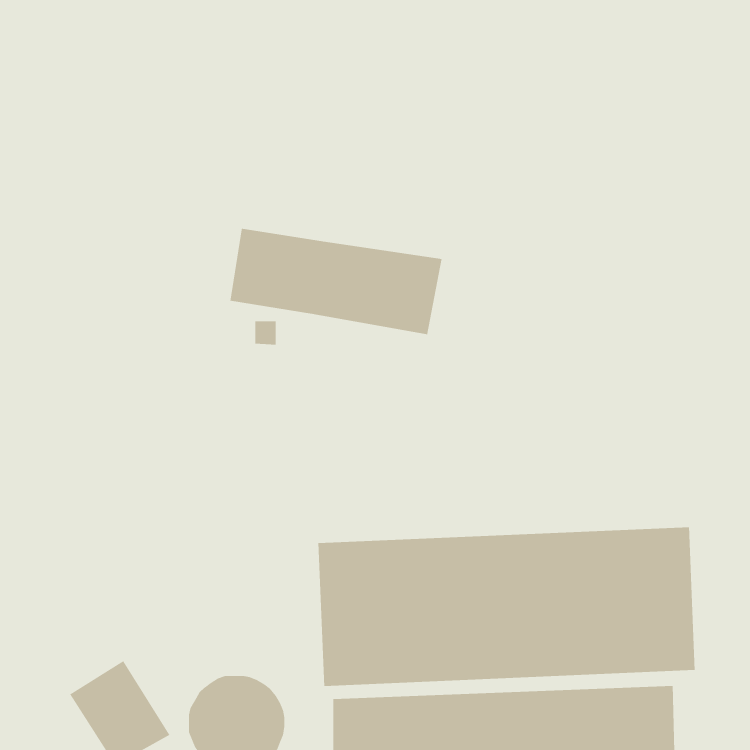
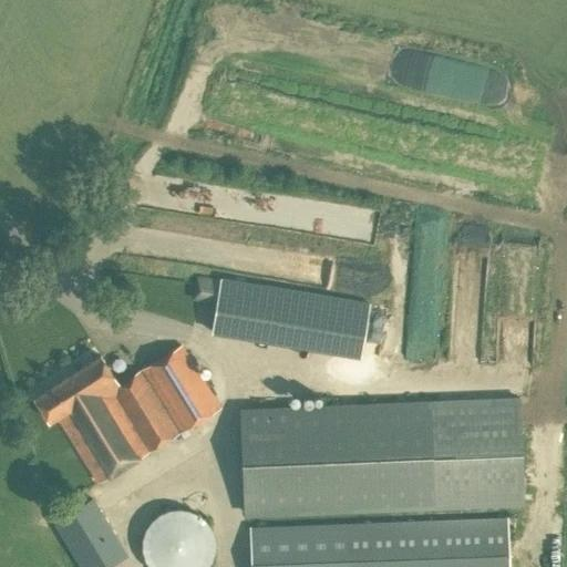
building: [229,228,443,335] -> [212,279,372,360]
building: none -> [34,347,220,484]

